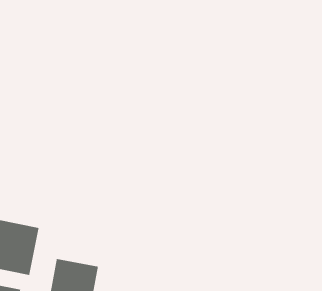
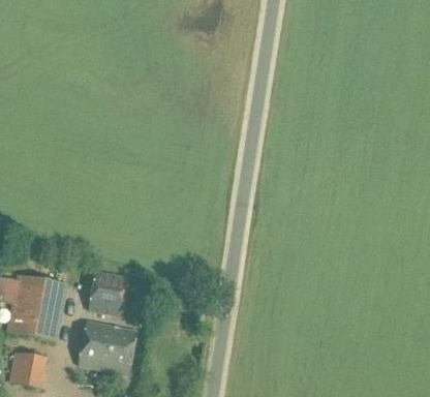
building: none -> [87,270,128,315]

